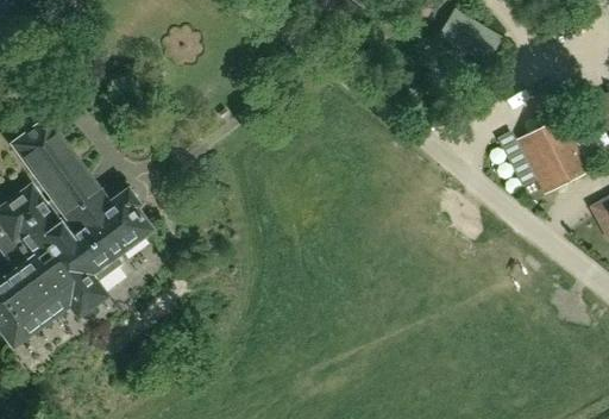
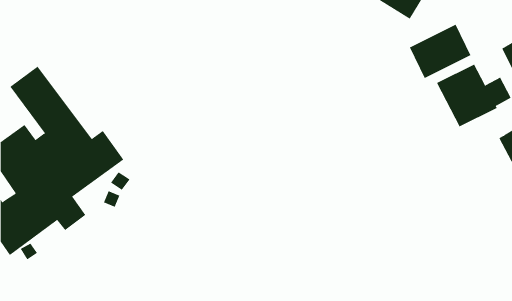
building: none -> [409,24,471,79]

